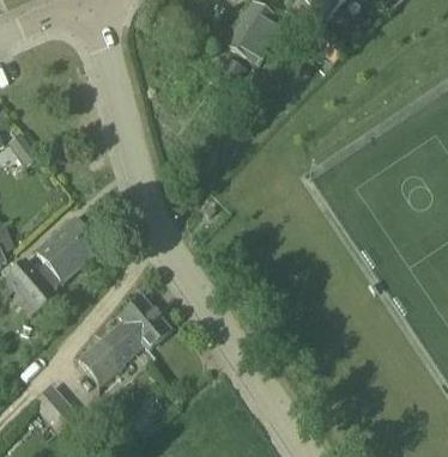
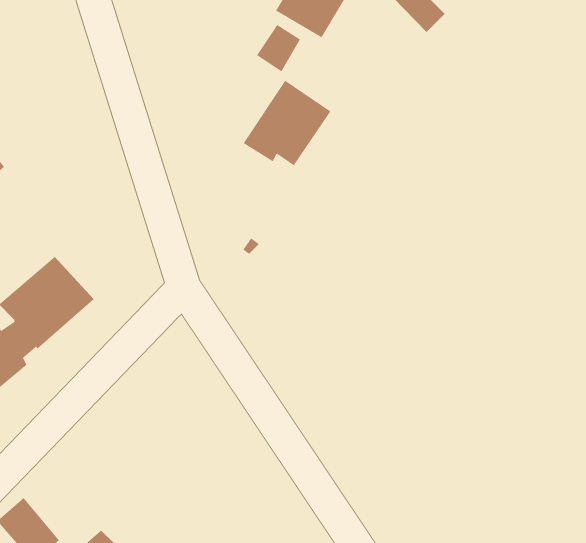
building: none -> [243,80,331,166]
building: [78,294,170,383] -> none

